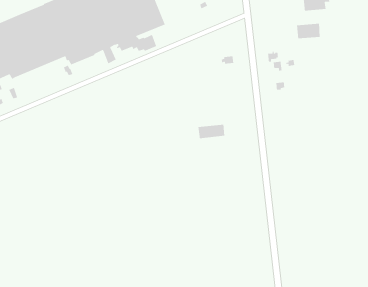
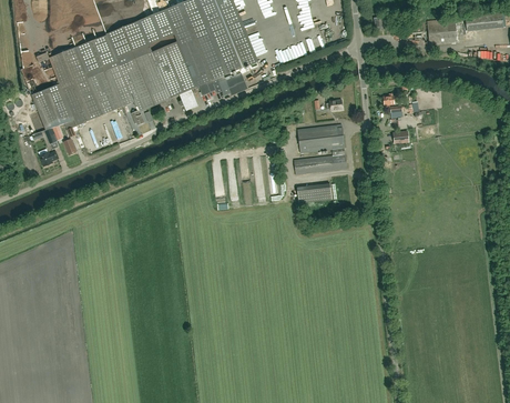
building: [296,23,320,39] -> none
building: none -> [293,124,346,174]

